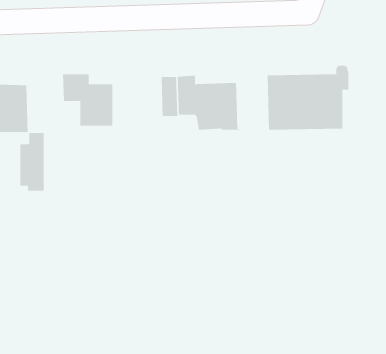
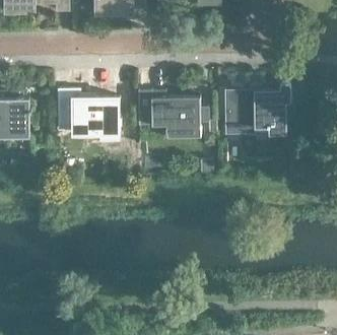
building: [20,133,45,191] -> [98,90,119,138]

